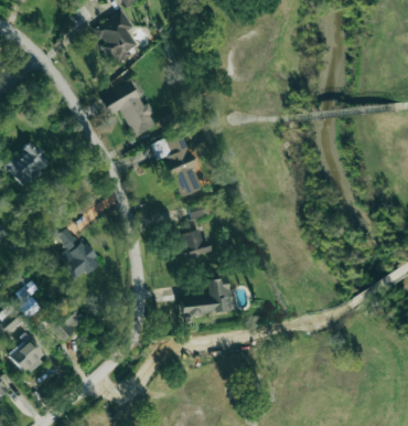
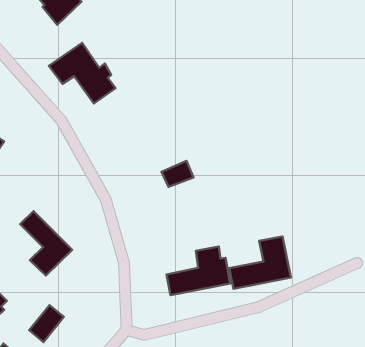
building: [154,132,203,200] -> none
building: [180,231,212,258] -> none
building: none -> [229,237,291,289]

